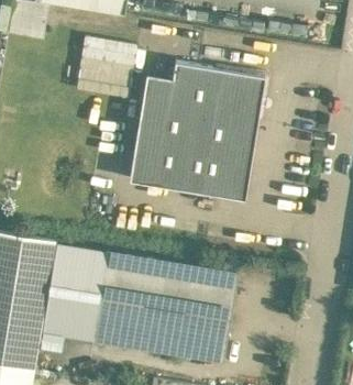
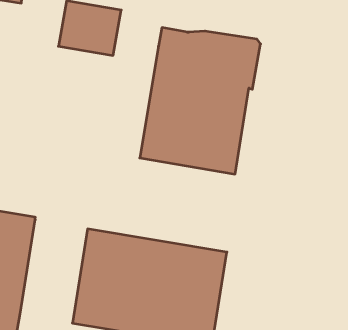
building: [130,76,173,186] -> none
building: [42,244,106,342] -> none

